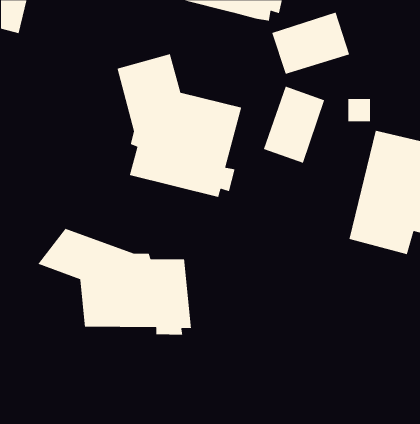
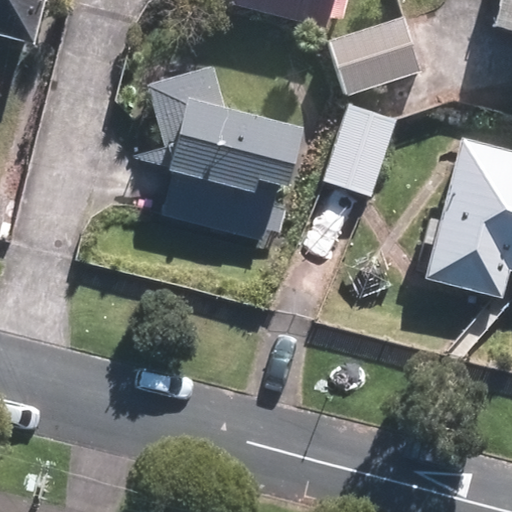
building: [37,228,192,335] -> none

